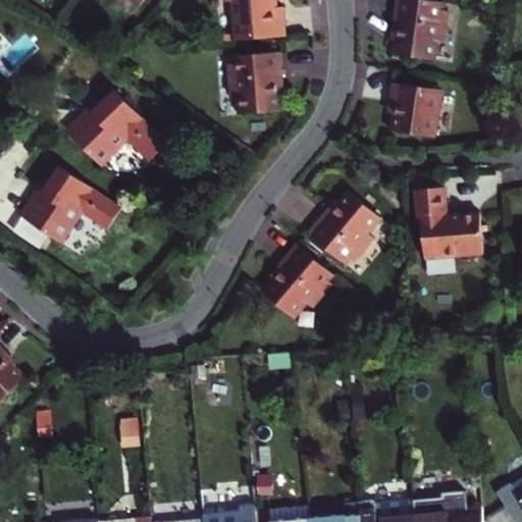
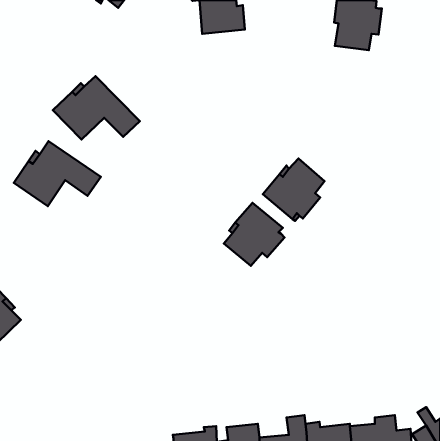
building: [228,55,284,117] -> none
building: [387,84,441,140] -> none
building: [423,187,491,258] -> none

